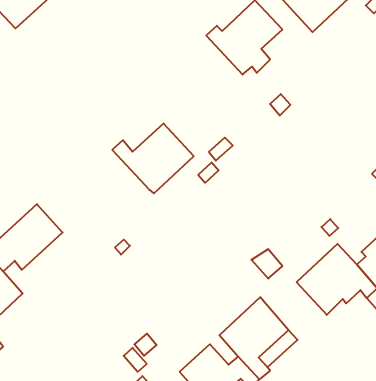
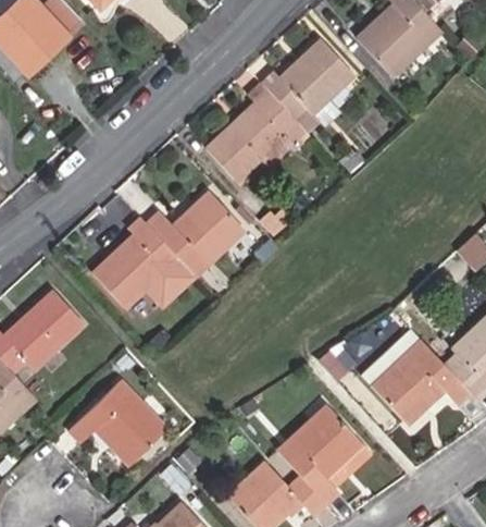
building: none -> [204,83,310,181]
building: none -> [91,215,196,309]
building: none -> [68,381,166,466]

